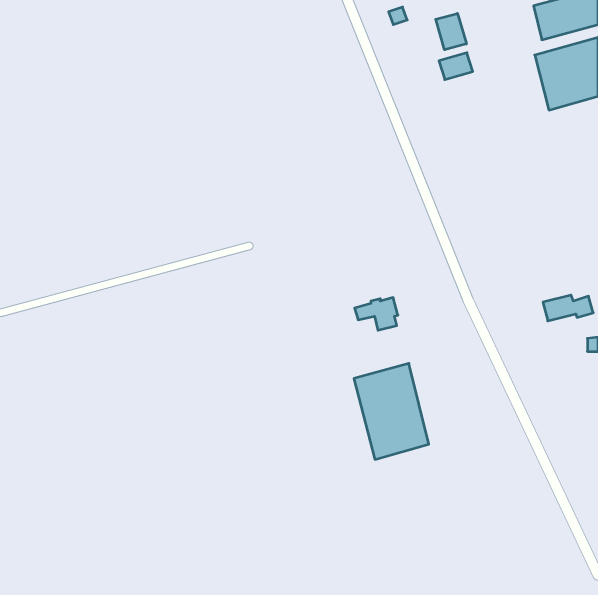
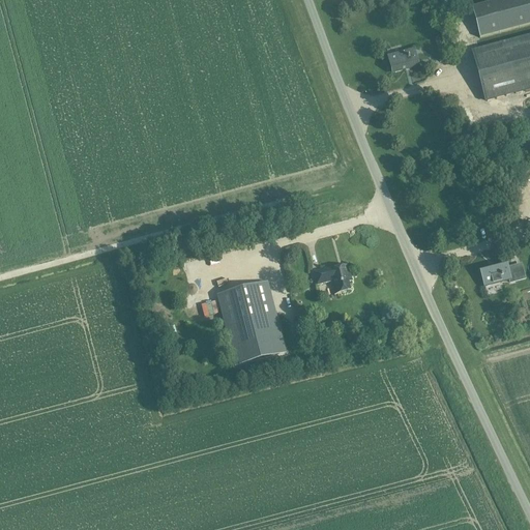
building: [436,13,466,50] -> none
building: [354,363,429,459] -> [218,282,285,366]

